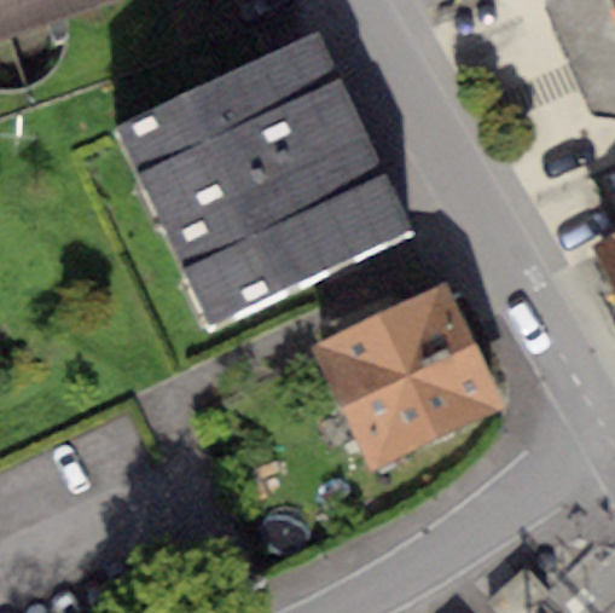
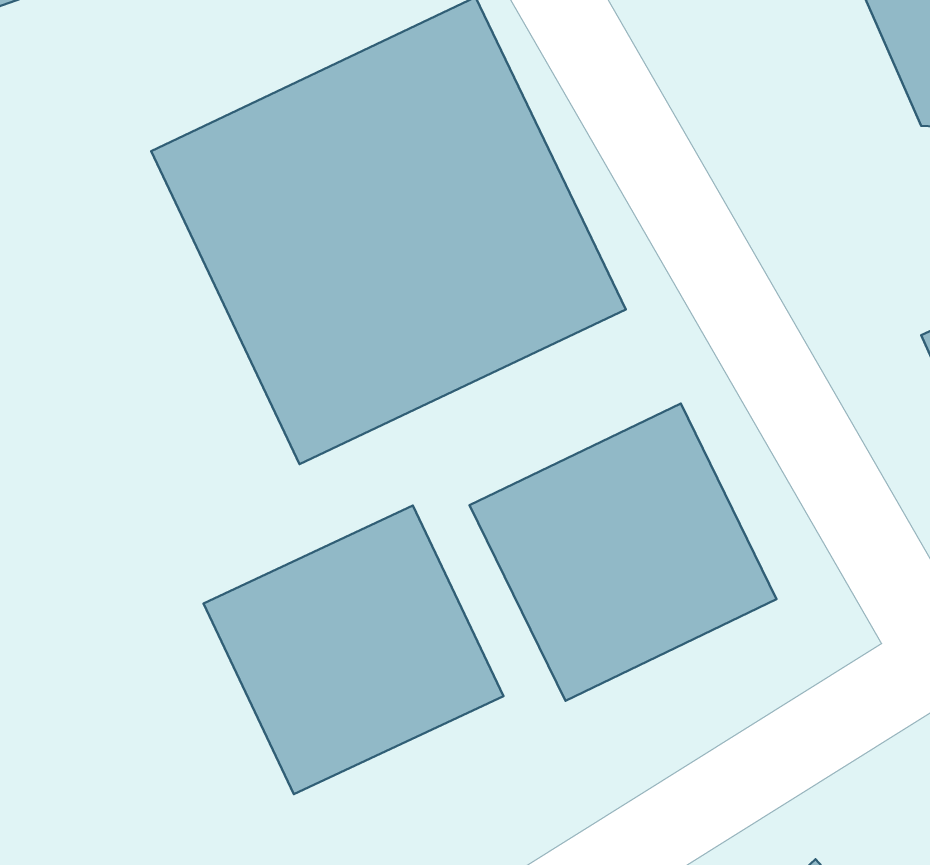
building: none -> [203,506,503,794]

